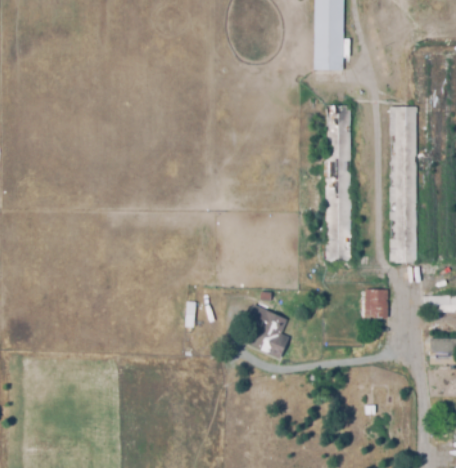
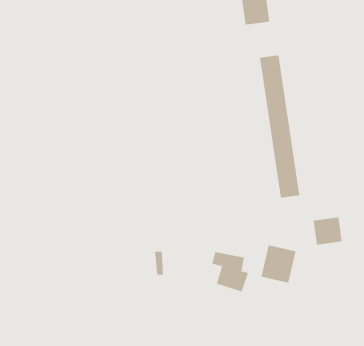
building: [391,108,417,261] -> none
building: none -> [261,244,296,284]

